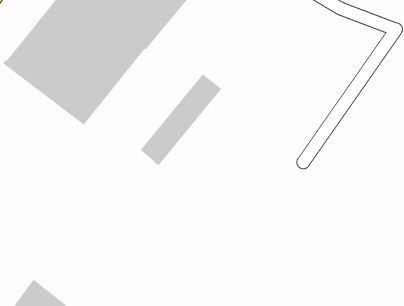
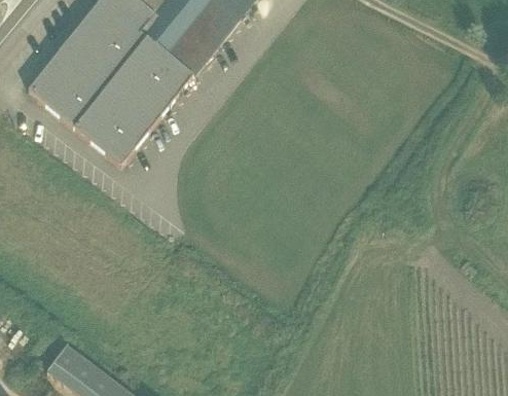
building: [140,74,222,166] -> none

